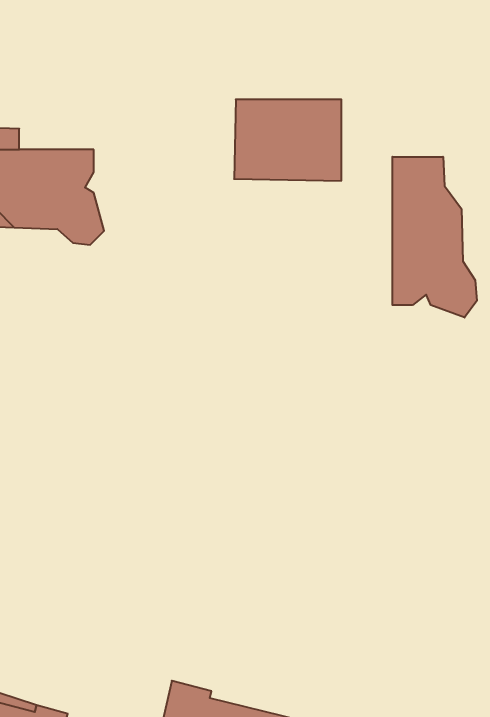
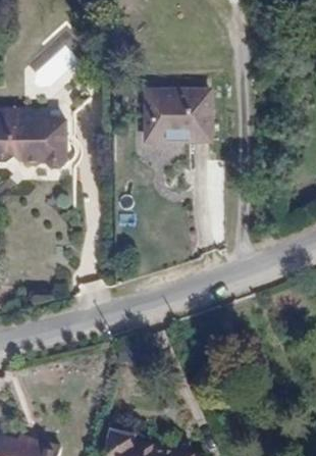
building: [392,157,477,318] -> none

